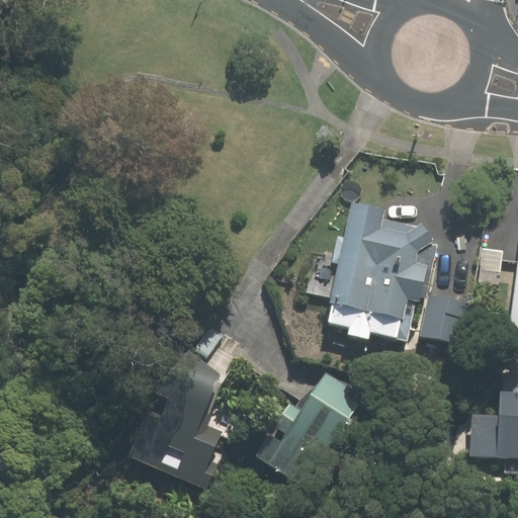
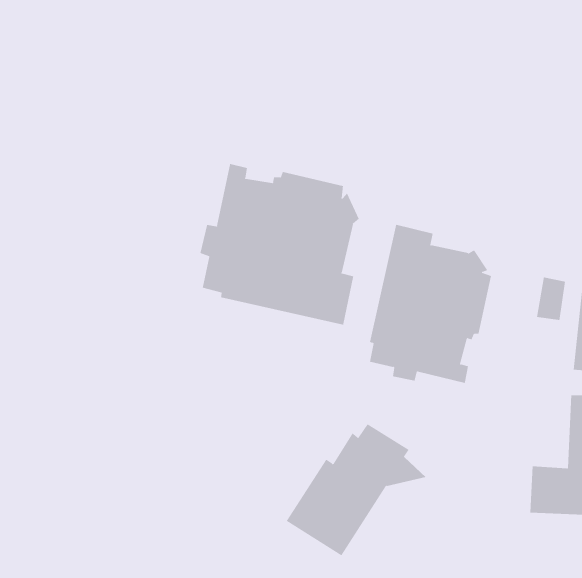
building: none -> [200,163,359,325]
building: [128,352,222,492] -> none

